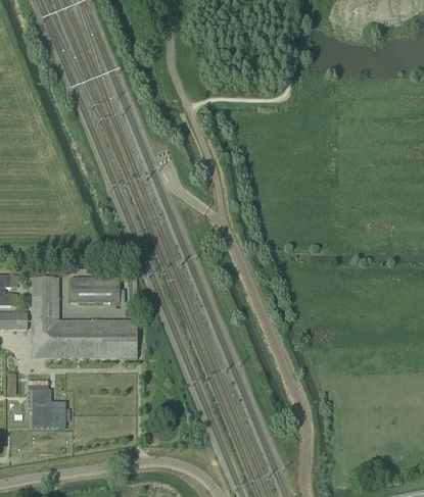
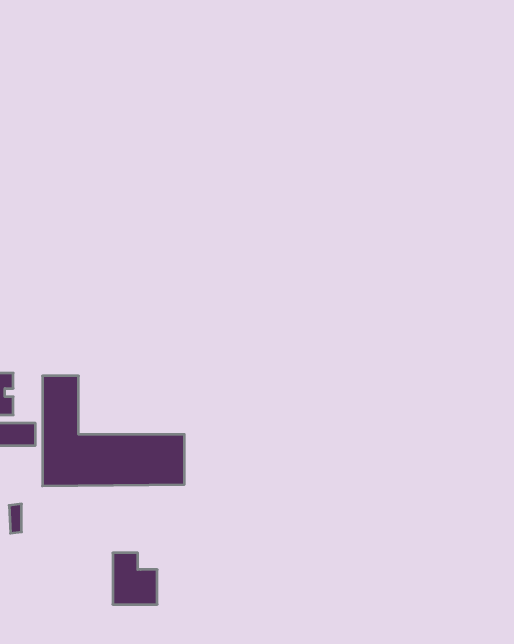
building: [70,277,120,301] -> none
building: [33,388,65,426] -> [113,553,157,604]

